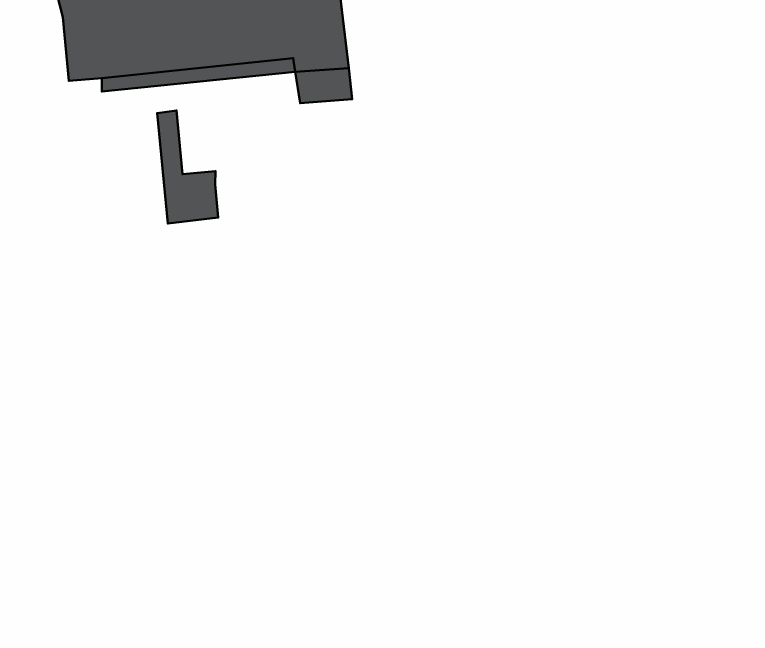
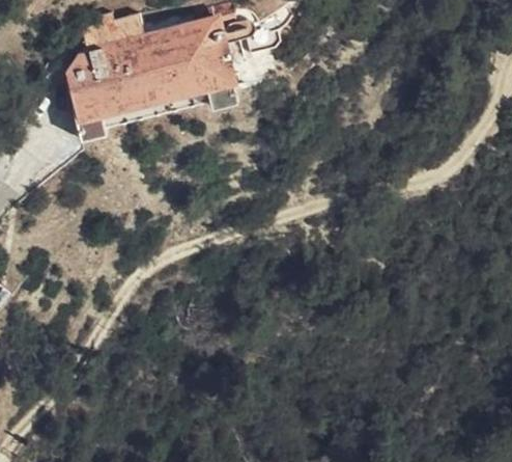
building: [157,110,218,223] -> [68,82,110,144]

